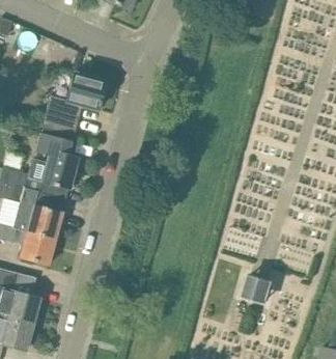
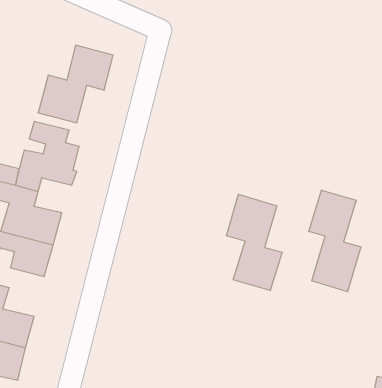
building: none -> [309,190,361,292]
building: none -> [227,194,282,291]
building: [244,274,274,305] -> none

